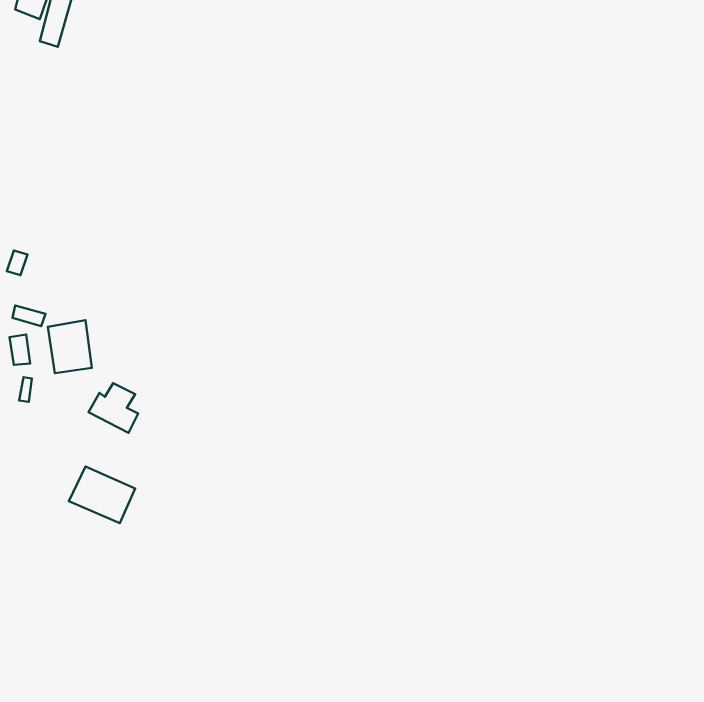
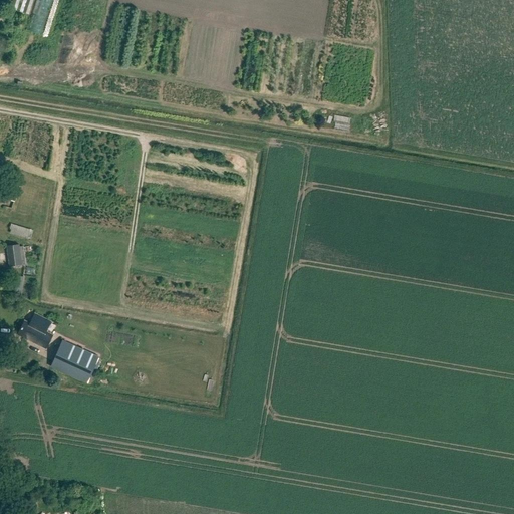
building: [48,320,92,373] -> none
building: [88,383,138,433] -> [17,312,53,348]

